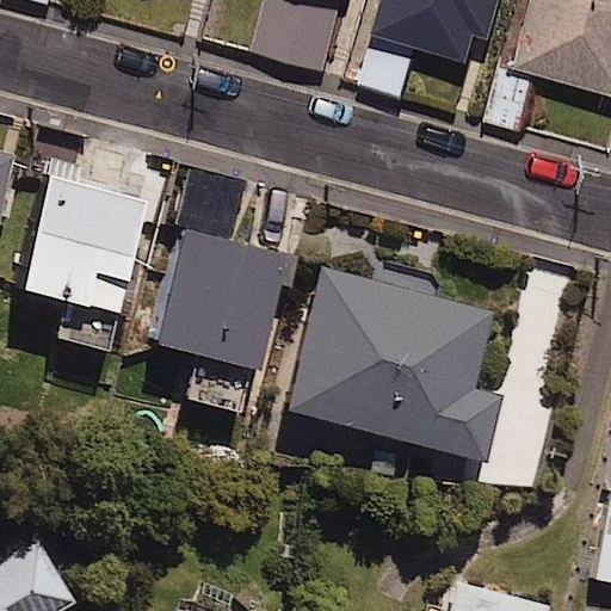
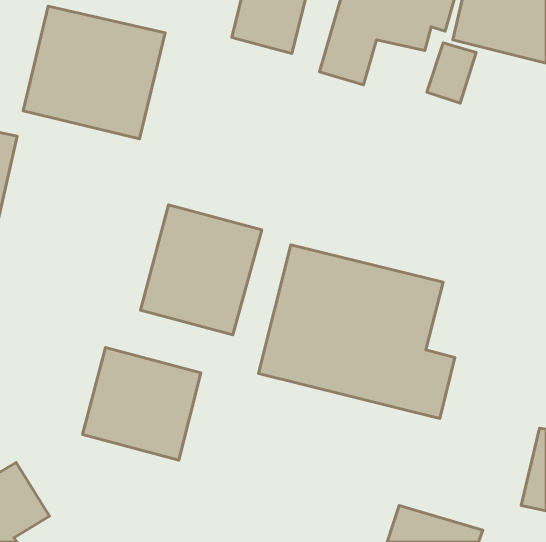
building: none -> [23,6,165,139]
building: [19,177,149,320] -> none
building: none -> [82,348,201,460]

